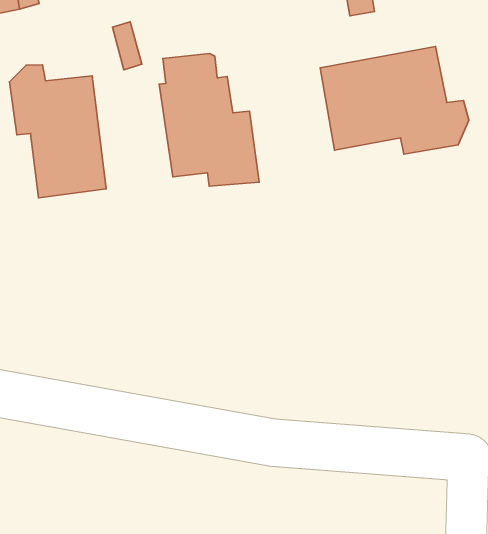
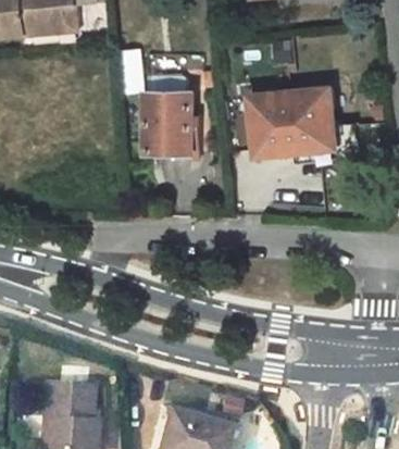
building: [10,65,106,198] -> none

